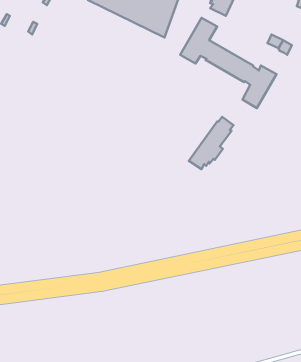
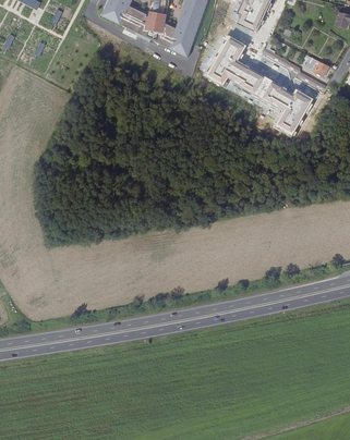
building: [189,117,234,169] -> none

